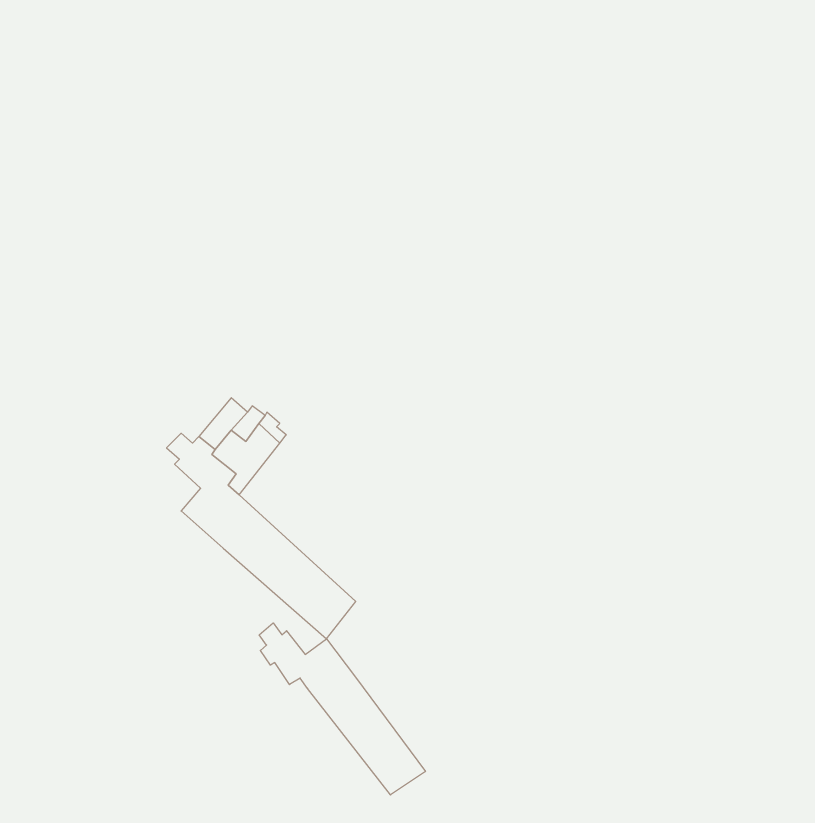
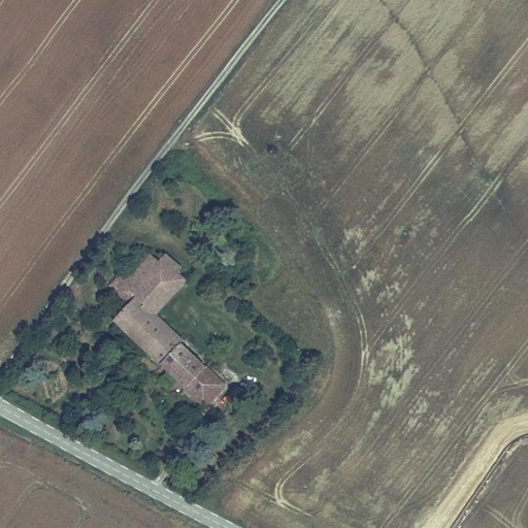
building: [259,623,425,795] -> none

